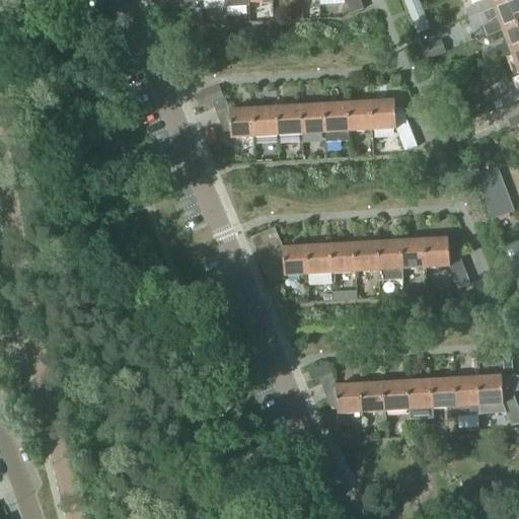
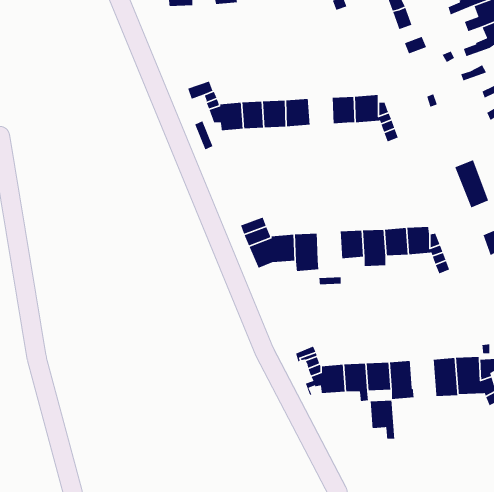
building: [324,101,351,139] -> none
building: [333,241,359,272] -> none
building: [431,375,457,417] -> [370,400,395,440]

